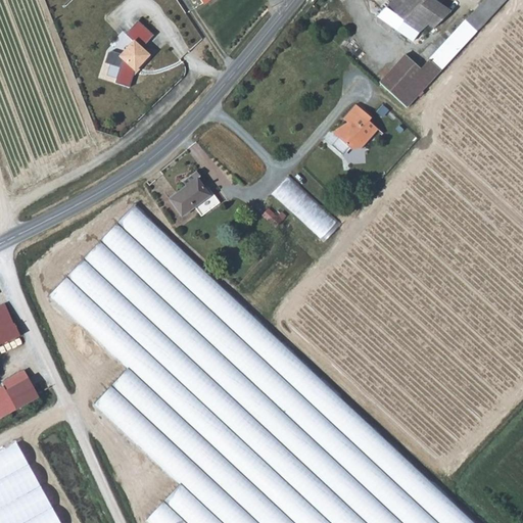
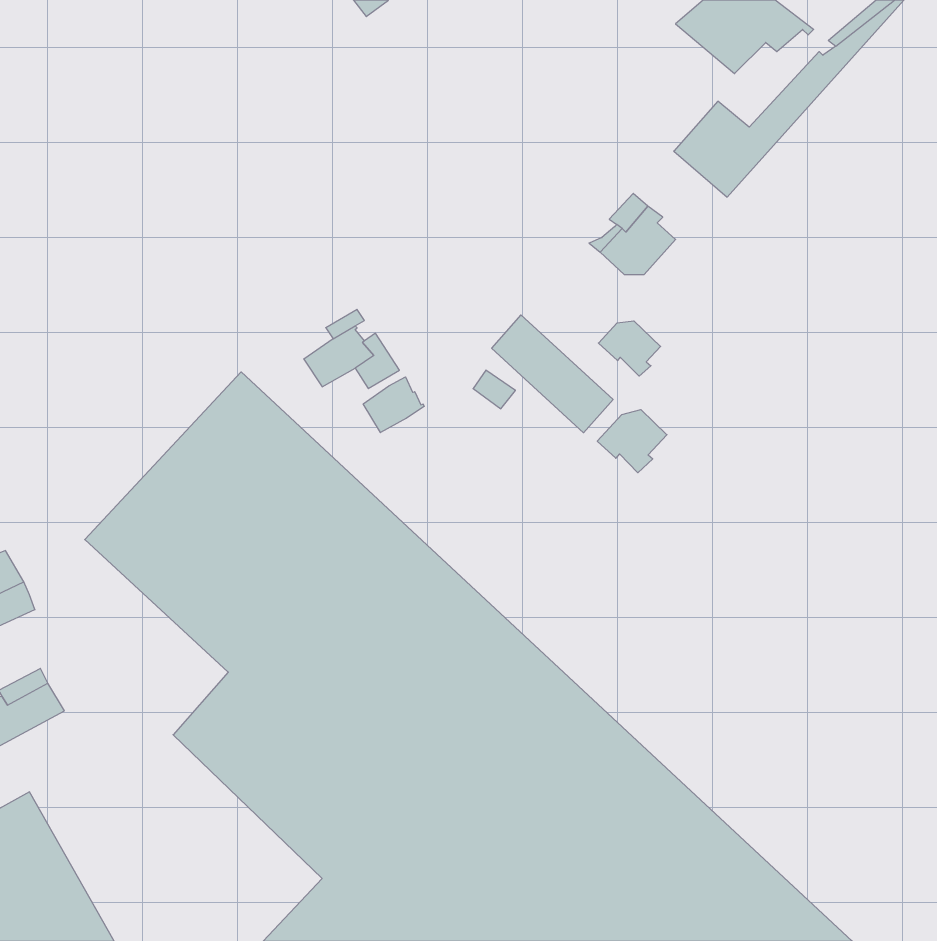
building: [100,20,154,88] -> none
building: none -> [598,321,661,376]
building: none -> [363,377,424,433]
building: none -> [597,410,667,473]

